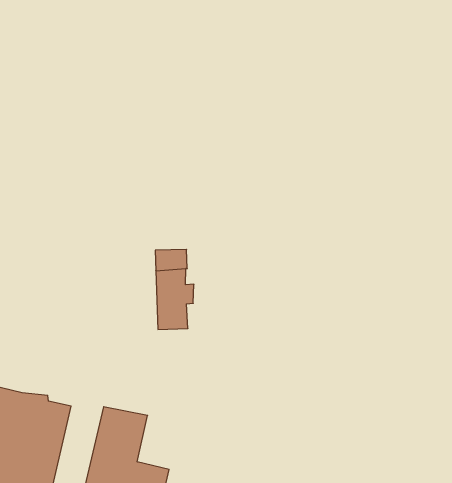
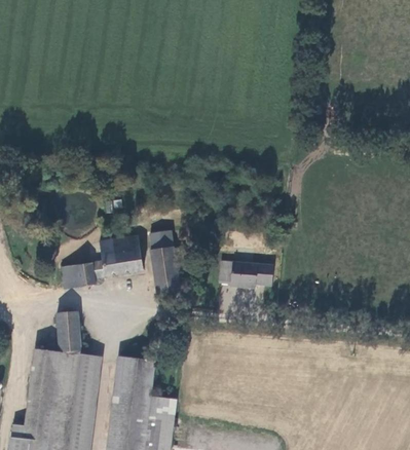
building: none -> [62,234,145,290]
building: none -> [219,261,272,289]
building: none -> [57,313,79,352]

